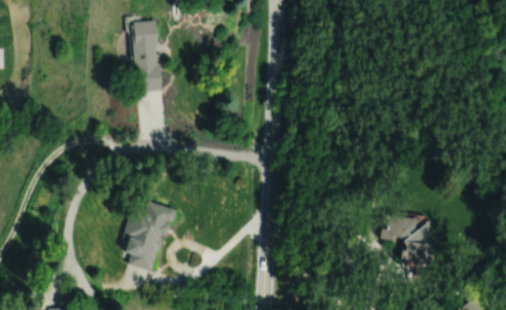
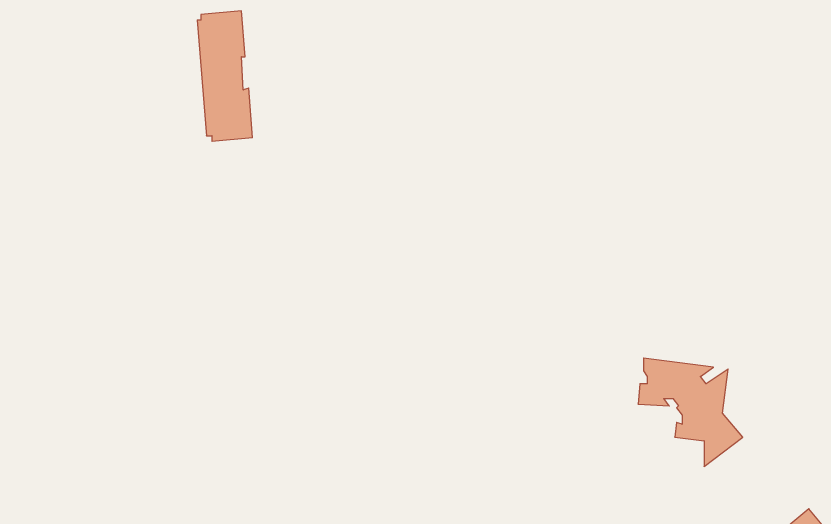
building: [123,201,177,272] -> none

